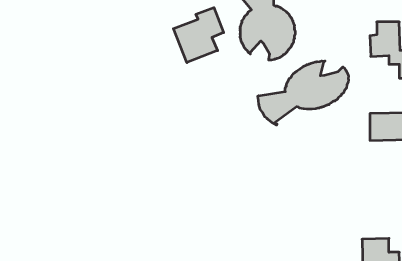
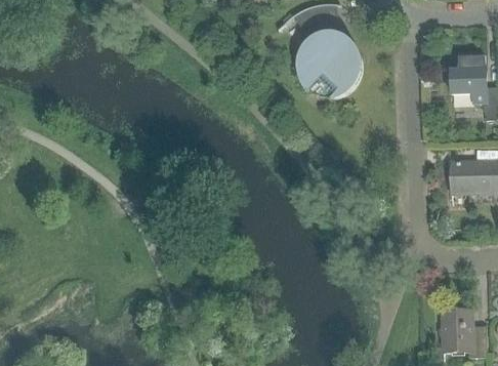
building: [173,8,224,63] -> none
building: [258,61,349,125] -> none

